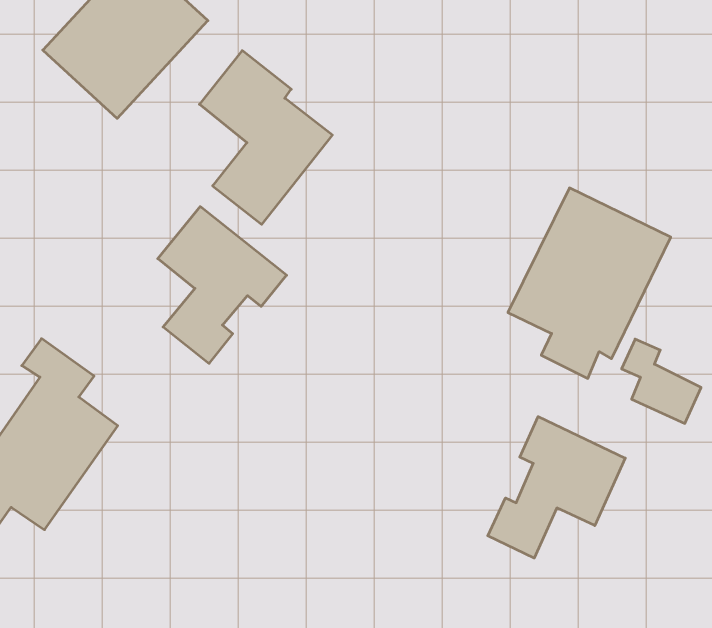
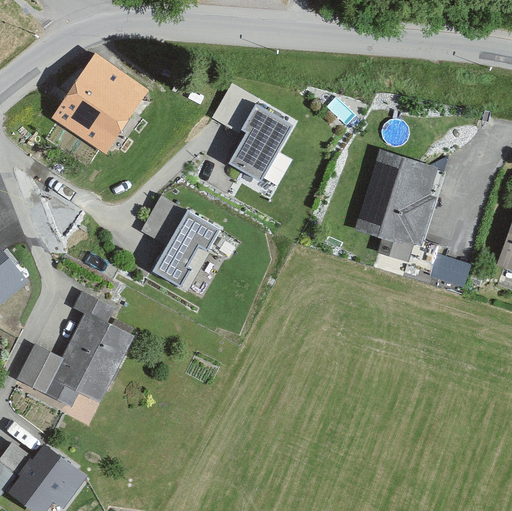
building: [199,51,332,224] -> [210,84,292,185]
building: [488,417,625,558] -> none

